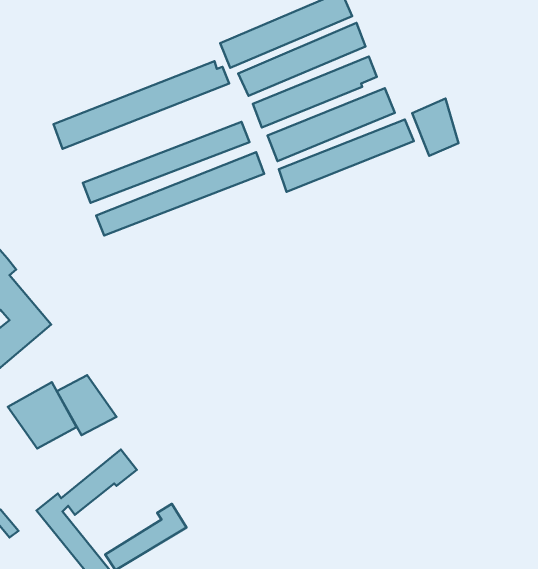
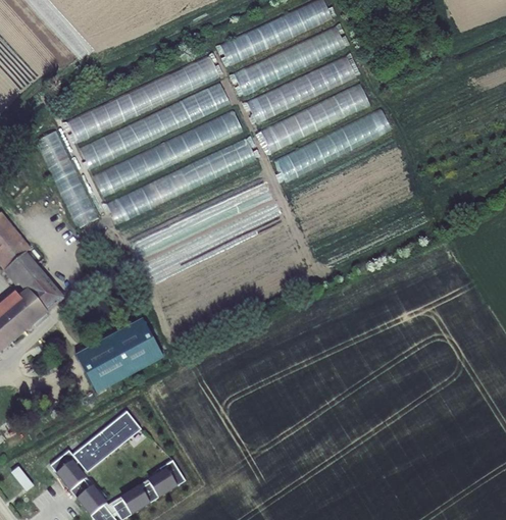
building: none -> [79,85,233,160]
building: [412,98,458,156] -> none
building: none -> [35,127,97,226]
building: [8,382,77,449] -> [96,320,158,380]

